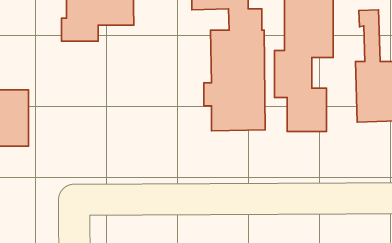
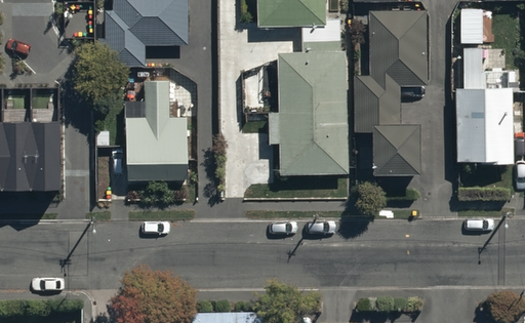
building: none -> [110,78,189,176]

